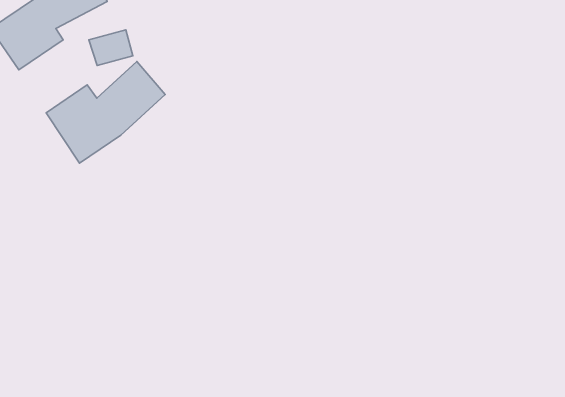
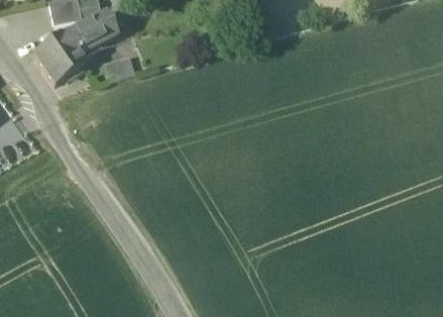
building: [46,62,165,163] -> none

